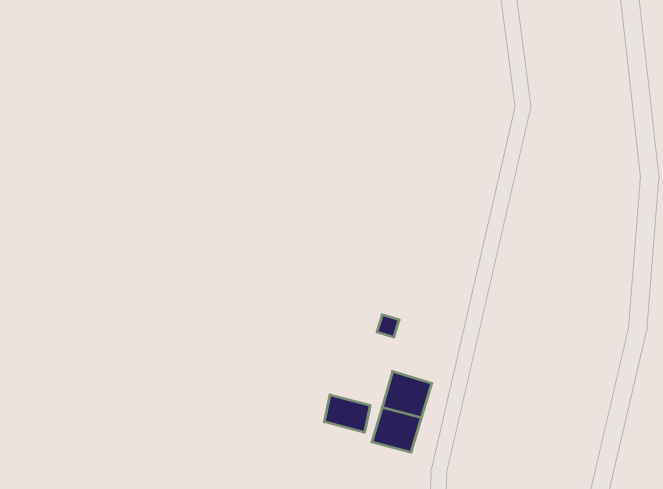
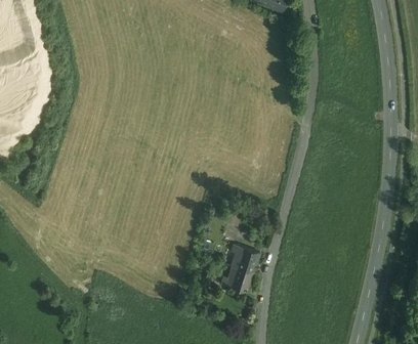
building: [324,395,370,432] -> none

